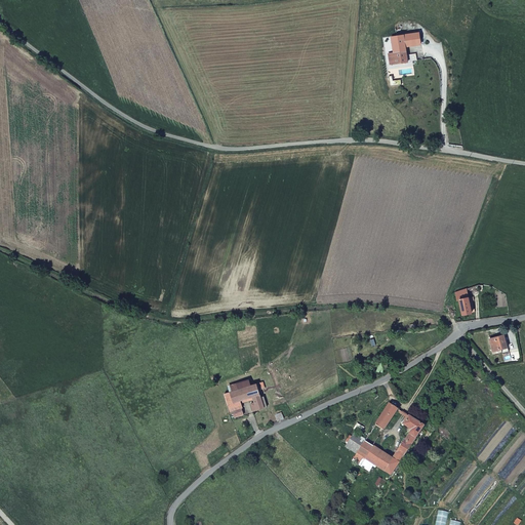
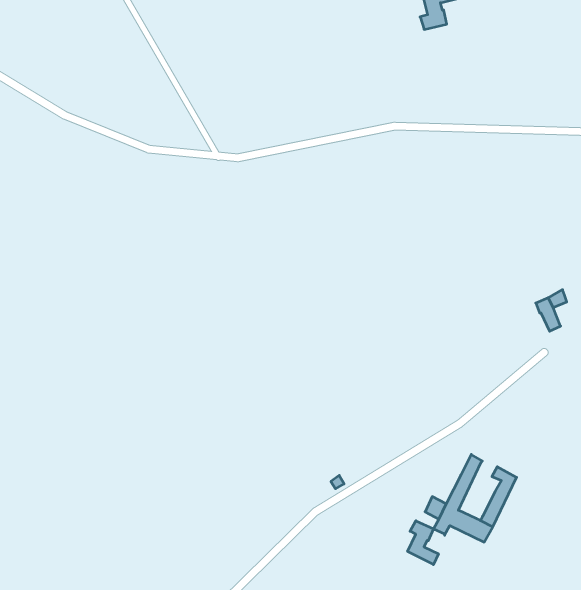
building: [224,382,266,411] -> none
building: none -> [408,521,438,565]

